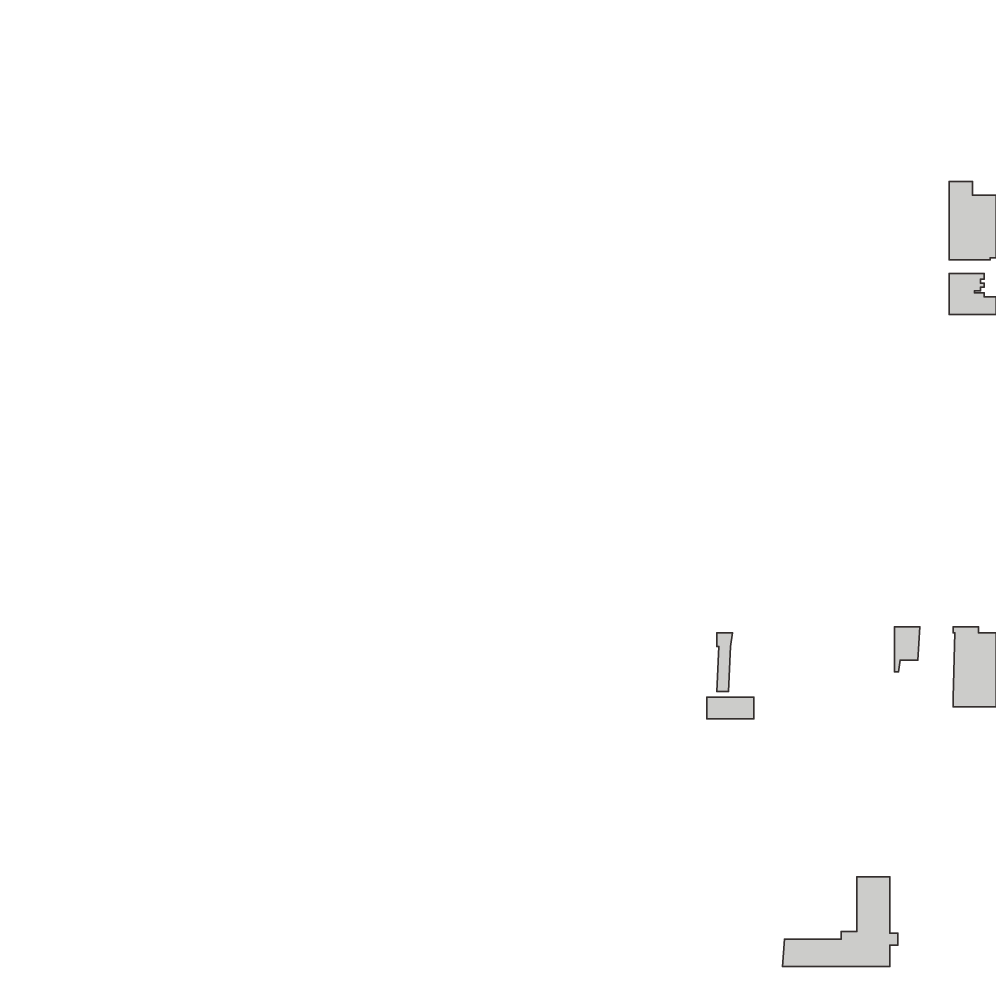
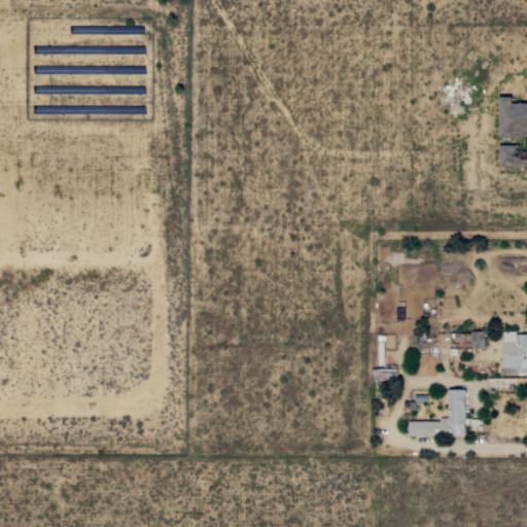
building: [782,877,898,967] -> [409,389,469,436]

